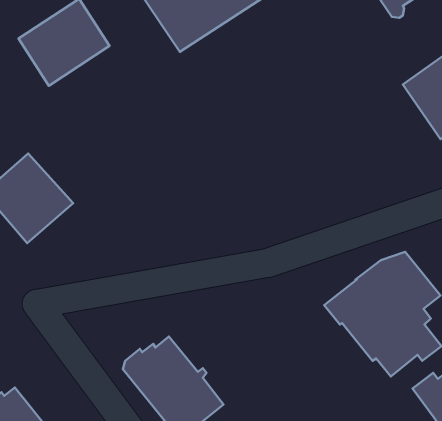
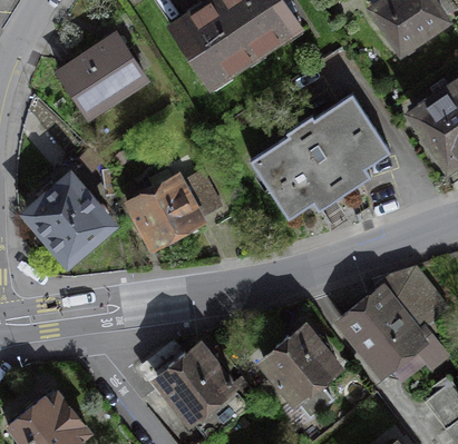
building: none -> [252,96,389,217]
building: none -> [130,167,220,243]
building: none -> [263,327,337,401]

